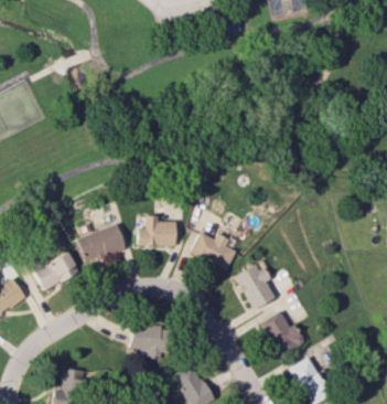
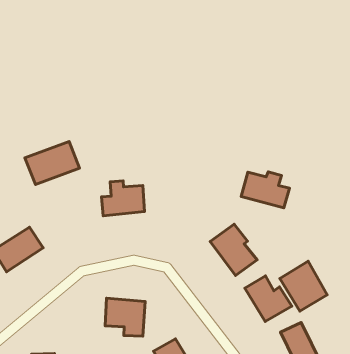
building: [76,225,126,263] -> [25,141,80,185]
building: [191,233,236,268] -> [241,172,290,208]
building: none -> [280,261,327,311]

